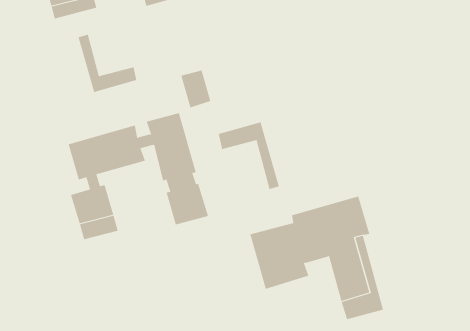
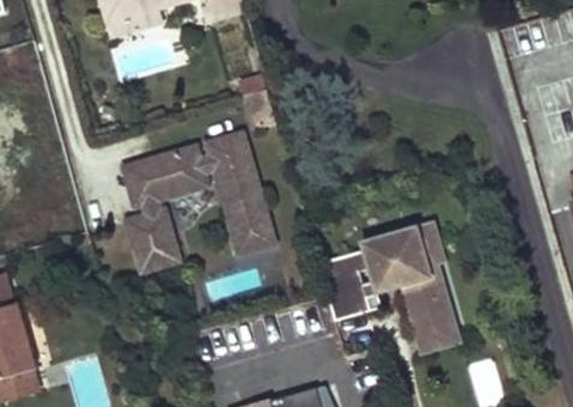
building: [78,34,137,93] -> none
building: [218,121,280,190] -> none

